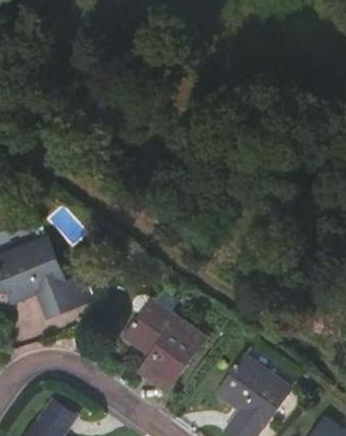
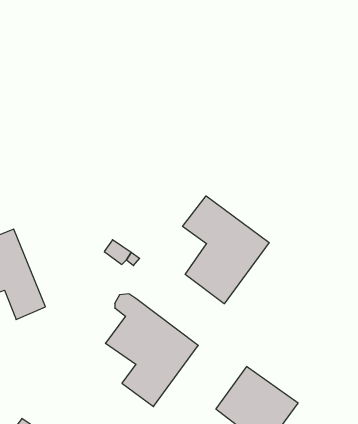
building: none -> [183,196,269,304]

